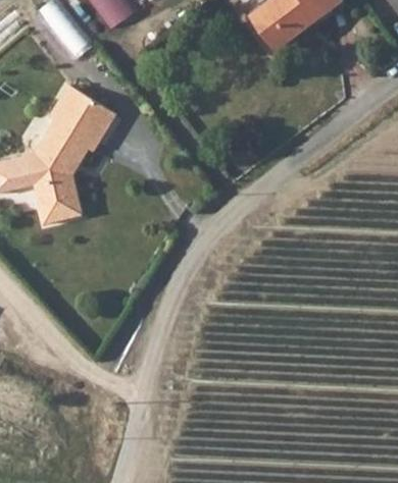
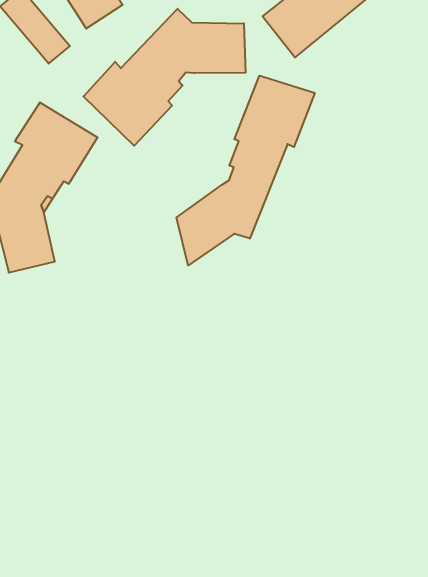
building: none -> [83,9,245,146]
building: none -> [177,76,315,265]

